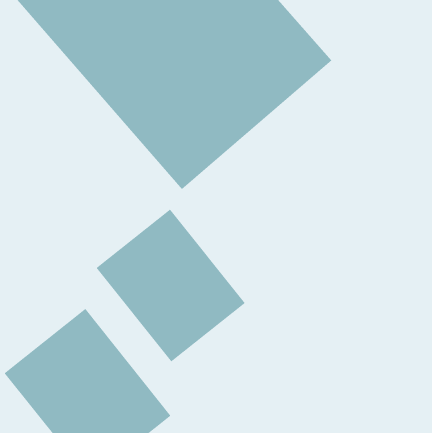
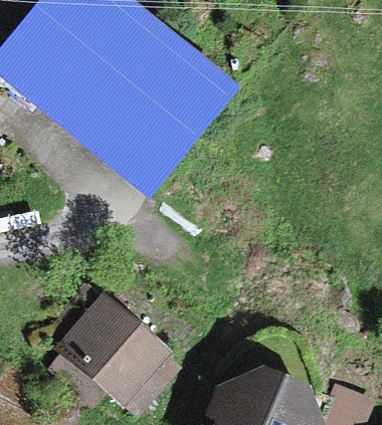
building: [95,208,246,363] -> none

